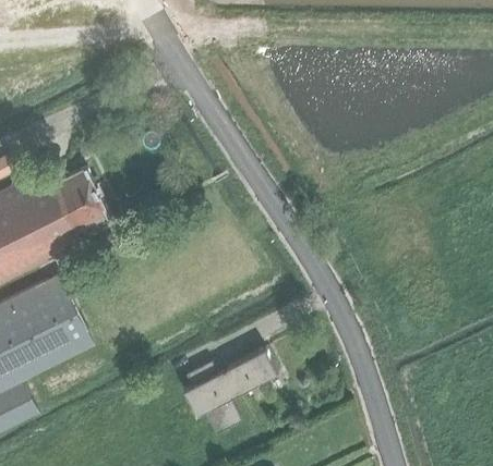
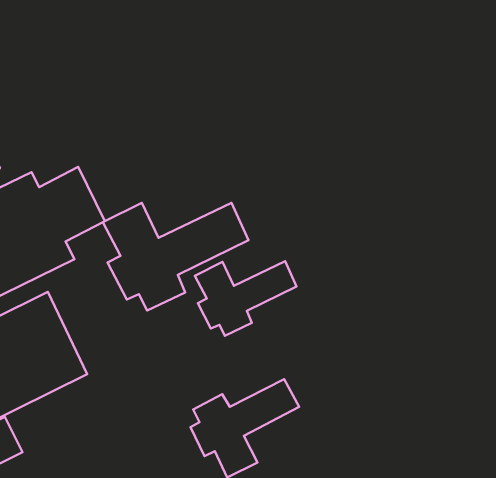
building: none -> [103,203,249,311]
building: none -> [195,261,297,336]

